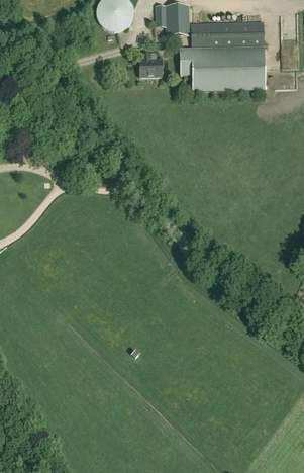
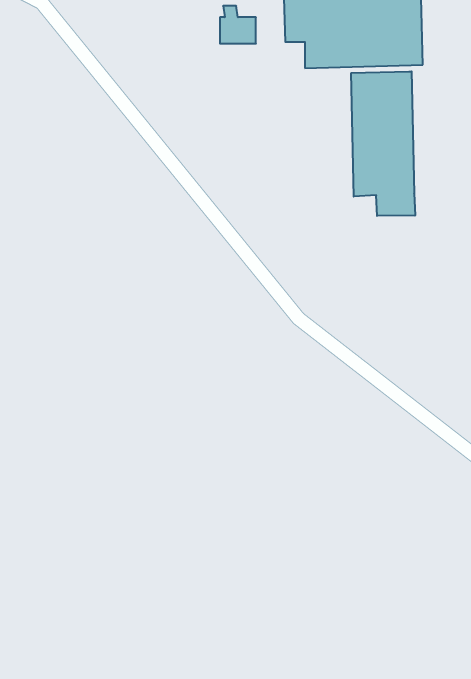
building: none -> [351,71,415,216]

